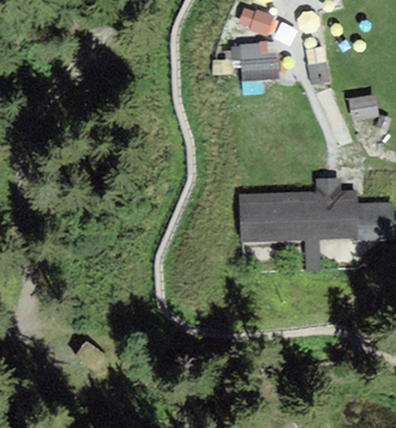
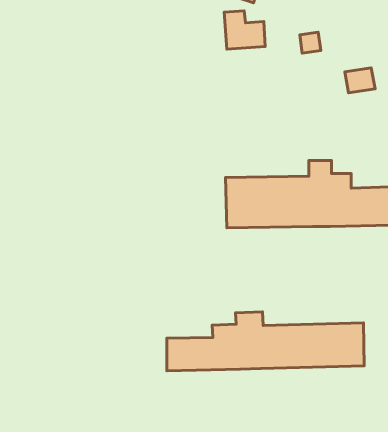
building: none -> [167,312,364,371]

